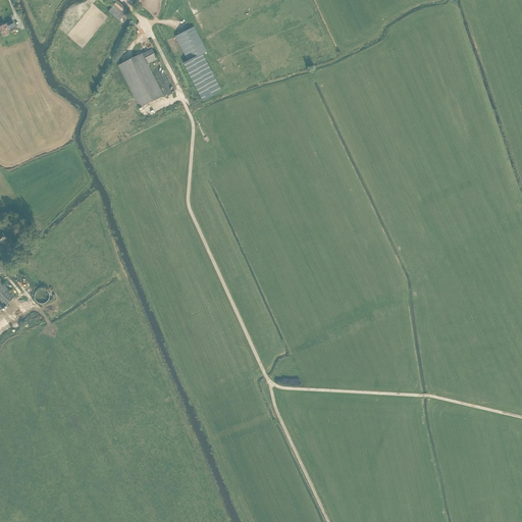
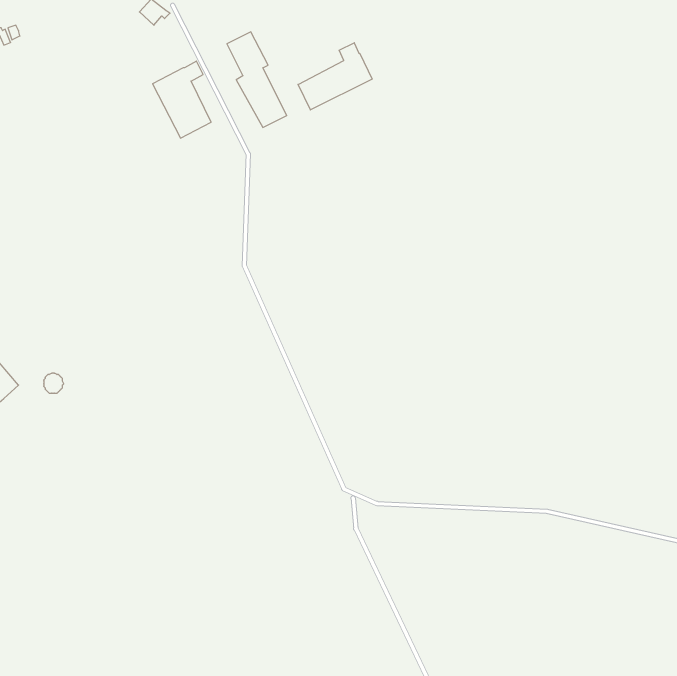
building: none -> [298,43,372,110]

